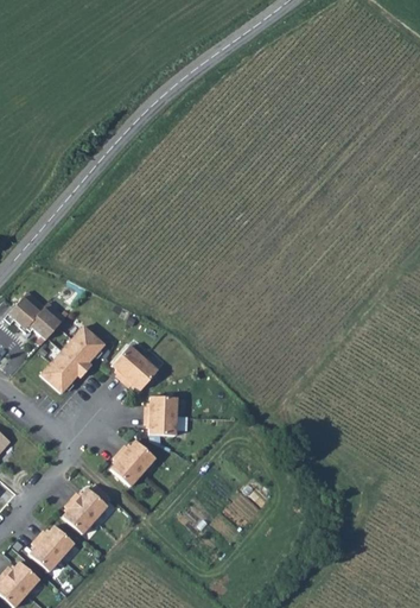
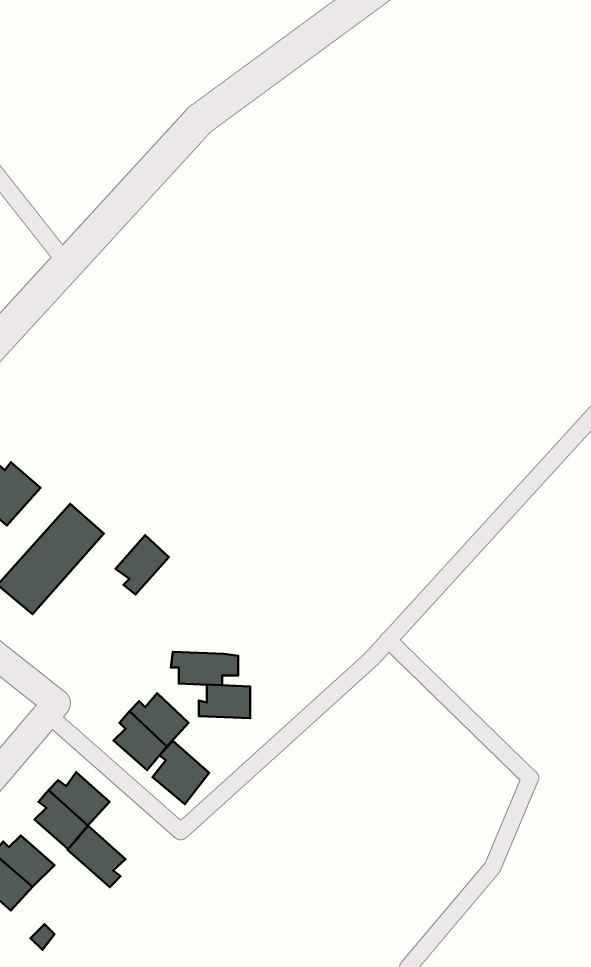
building: [123,359,158,391] -> none
building: [146,397,177,417] -> [199,685,250,718]
building: none -> [153,741,209,804]
building: none -> [68,826,126,887]

